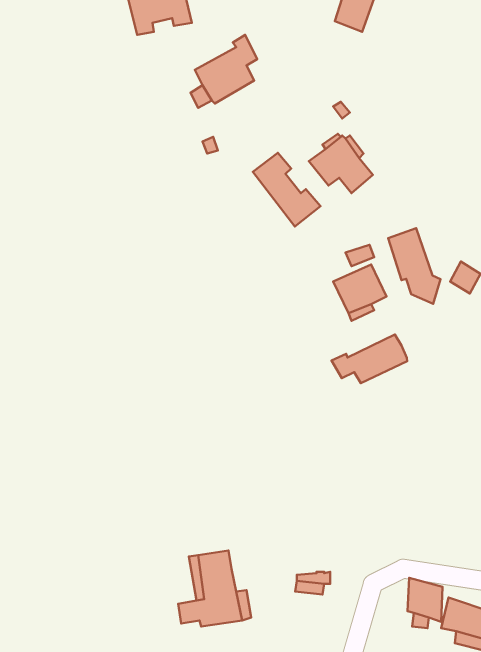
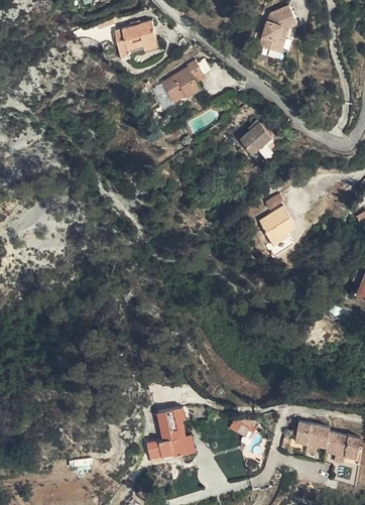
building: [253,153,321,226] -> none
building: [388,228,440,304] -> none
building: [331,334,407,383] -> none

